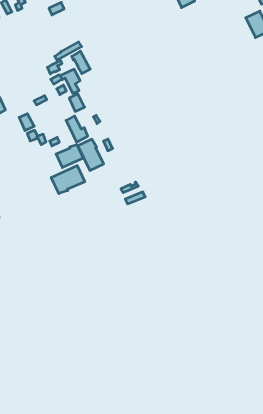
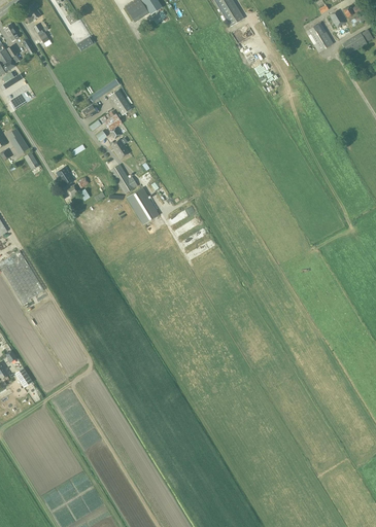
building: [56,145,83,168] -> none
building: [51,166,85,194] -> none

